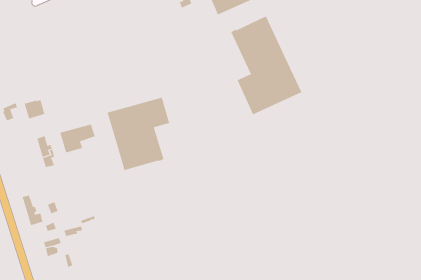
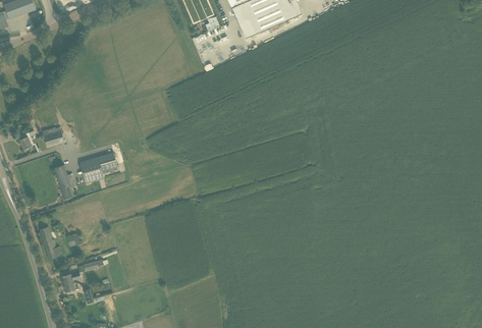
building: [230,15,302,115] -> none
building: [107,97,170,171] -> none

